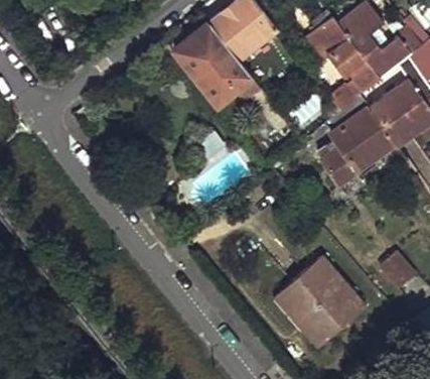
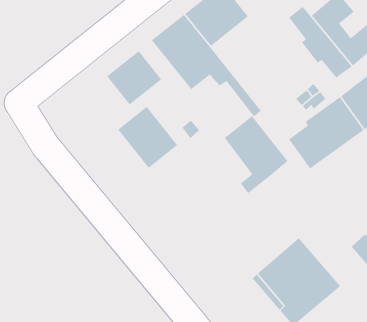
building: none -> [106,50,162,105]
building: none -> [117,106,178,169]
building: none -> [224,115,289,194]

